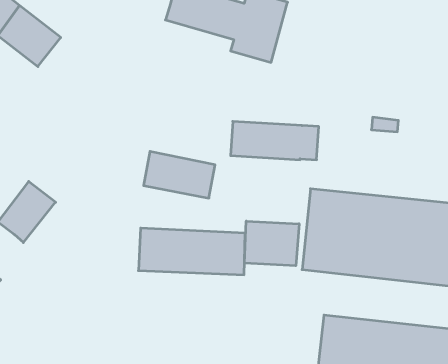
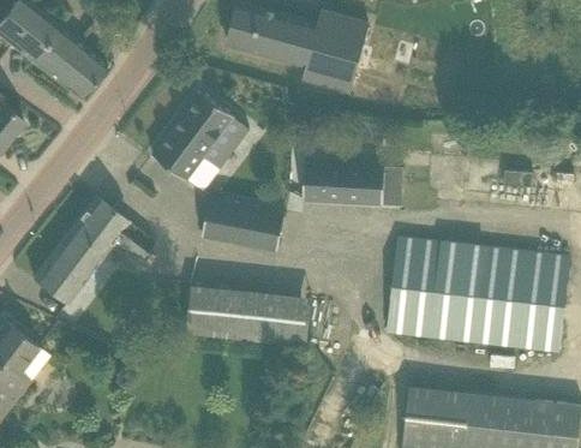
building: none -> [151,91,247,192]
building: none -> [67,197,151,262]
building: [244,221,299,266] -> none

